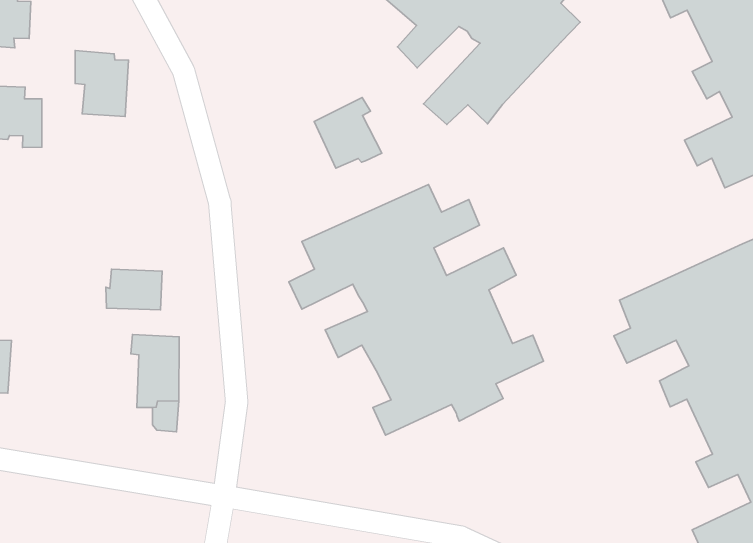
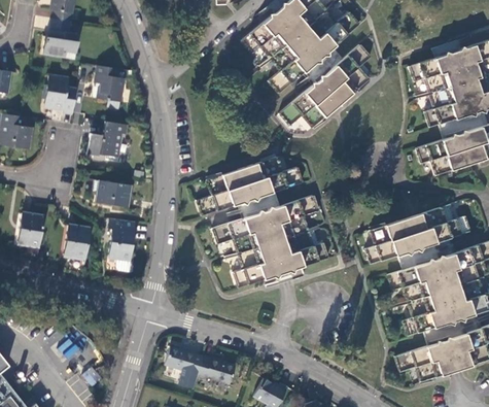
building: [314,97,382,168] -> none
building: none -> [88,121,128,157]
building: none -> [62,224,89,256]

